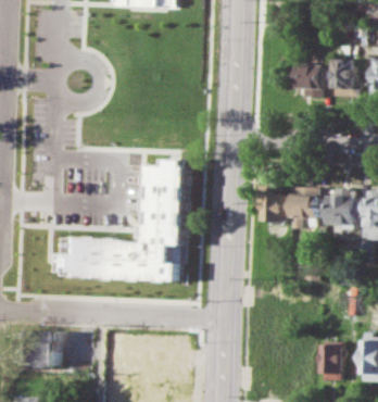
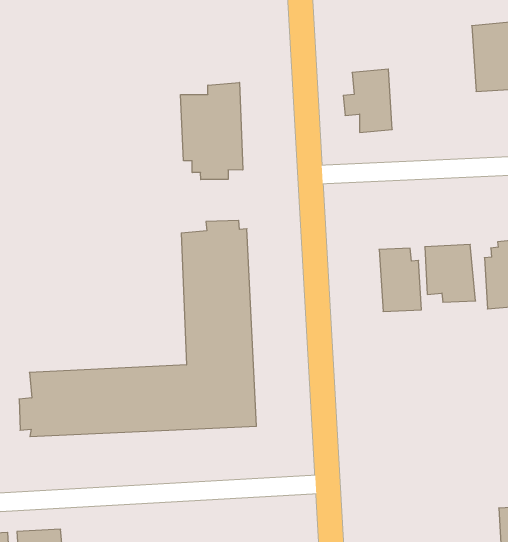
building: [295,62,324,98] -> [343,69,392,132]
building: none -> [181,82,243,180]

